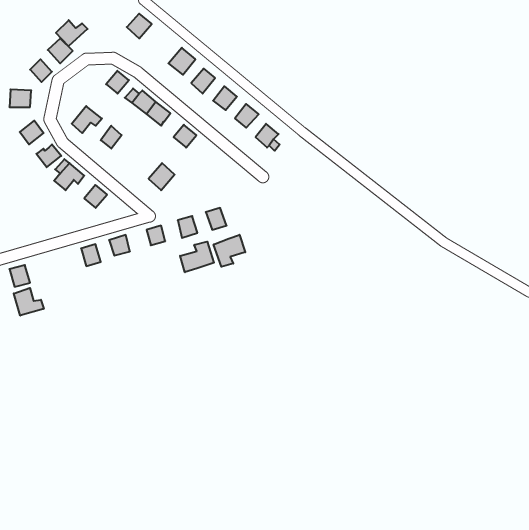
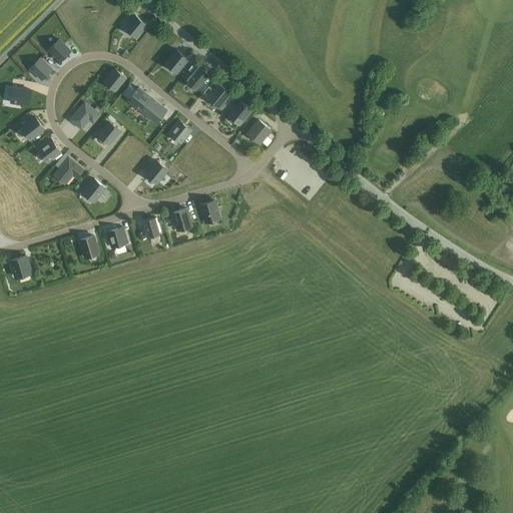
building: [56,20,88,46] -> none
building: [214,235,245,267] -> none
building: [180,242,214,272] -> none
building: [14,288,44,316] -> none

